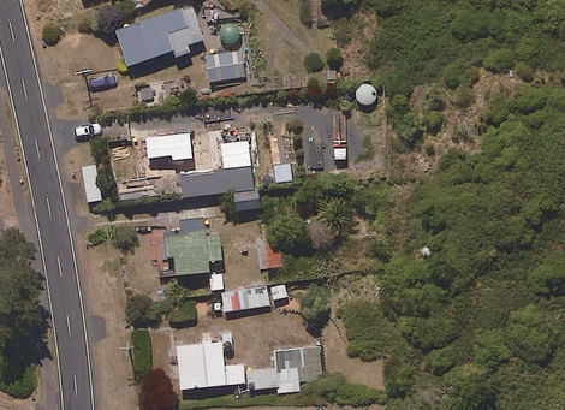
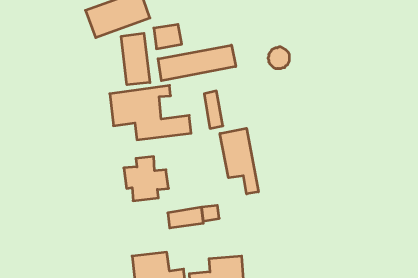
building: none -> [121,33,150,85]
building: none -> [158,45,236,81]
building: none -> [220,128,258,194]

